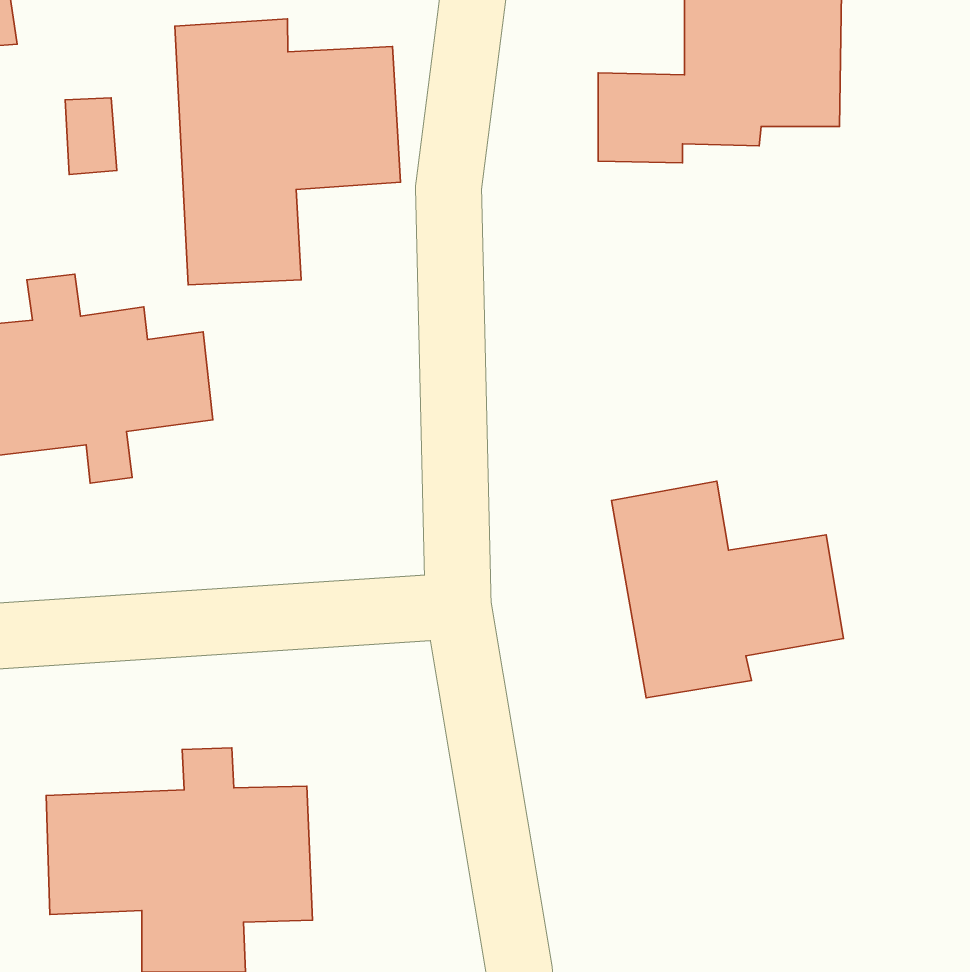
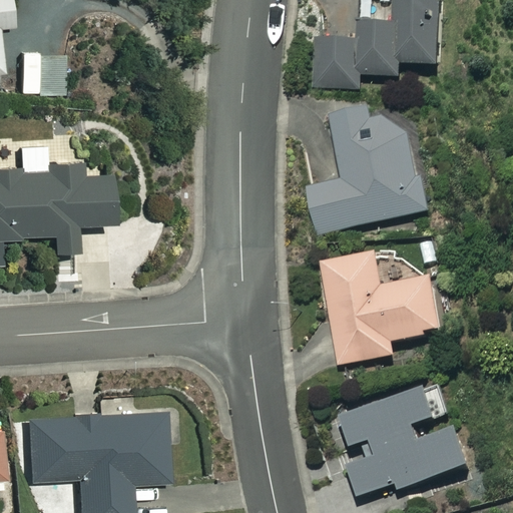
building: [175,19,400,285] -> none
building: none -> [306,103,426,230]
building: none -> [341,390,467,497]

